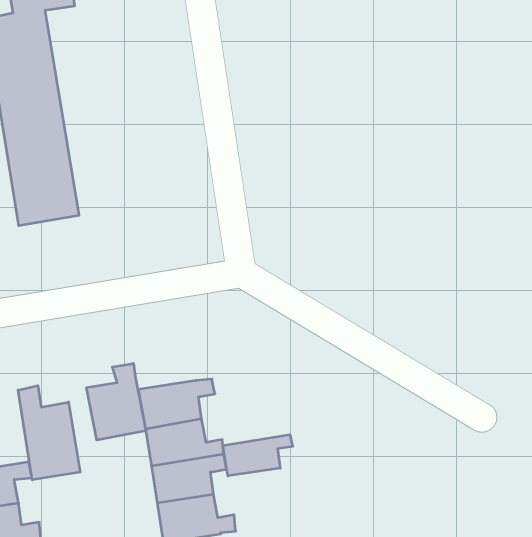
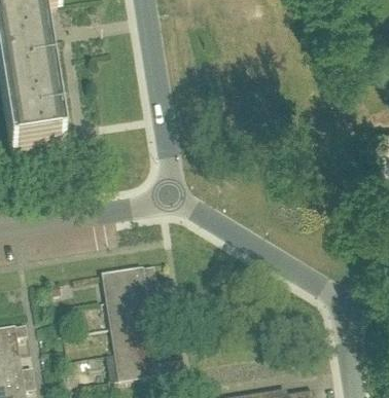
building: [87,363,146,440] -> none
building: [18,386,80,480] -> none
building: [223,435,293,476] -> none

